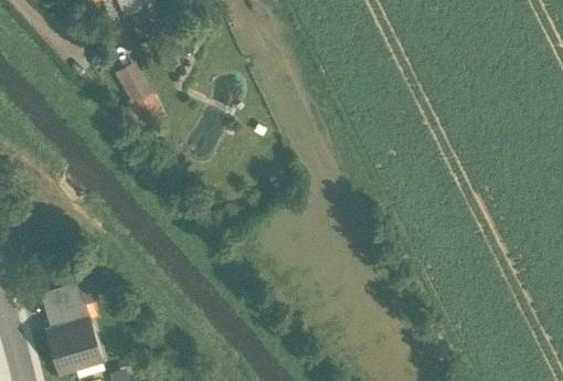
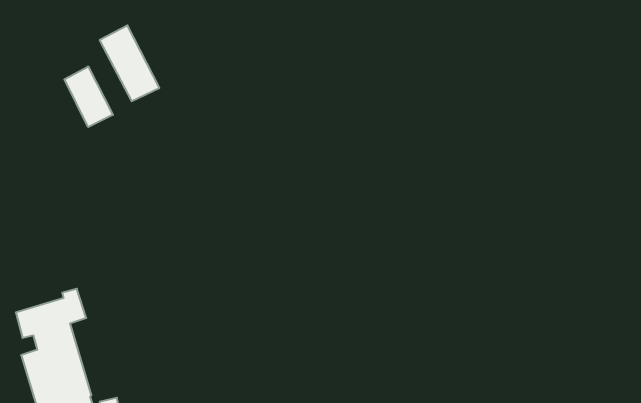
building: none -> [64,66,113,127]

